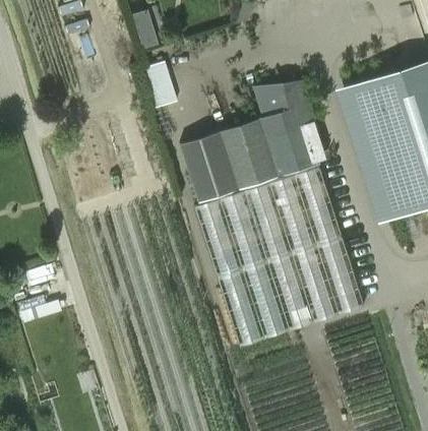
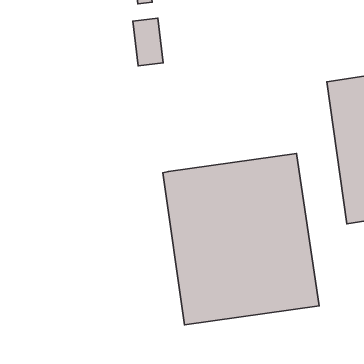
building: [180,85,318,202] -> none

